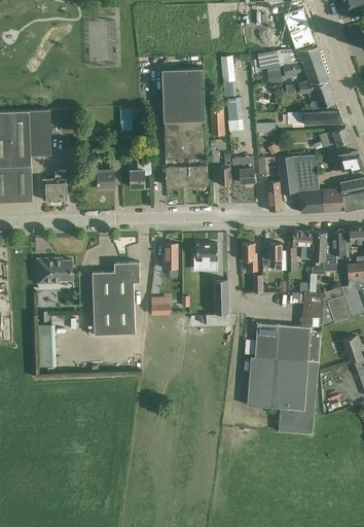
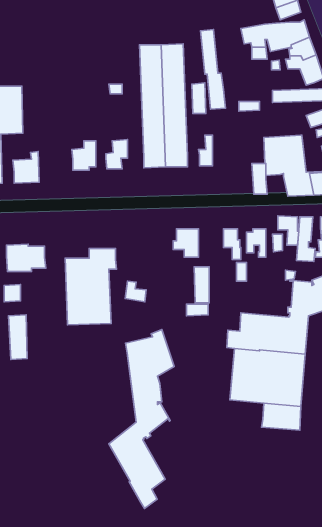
building: [231,156,255,184] -> none
building: [161,244,177,277] -> none
building: none -> [109,329,174,509]

